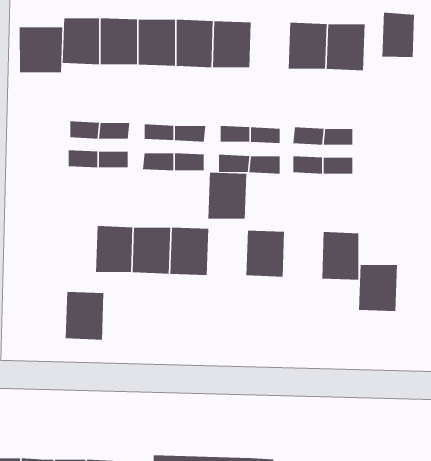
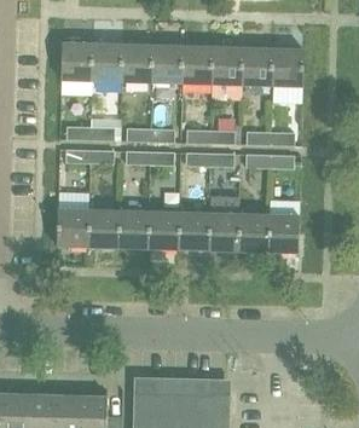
building: [382,12,414,58] -> none
building: none -> [210,47,242,85]
building: [19,27,63,73] -> none
building: [208,172,247,219] -> [176,212,208,249]
building: [358,265,398,312] -> [237,214,268,251]
building: [65,291,104,340] -> [57,208,88,247]

